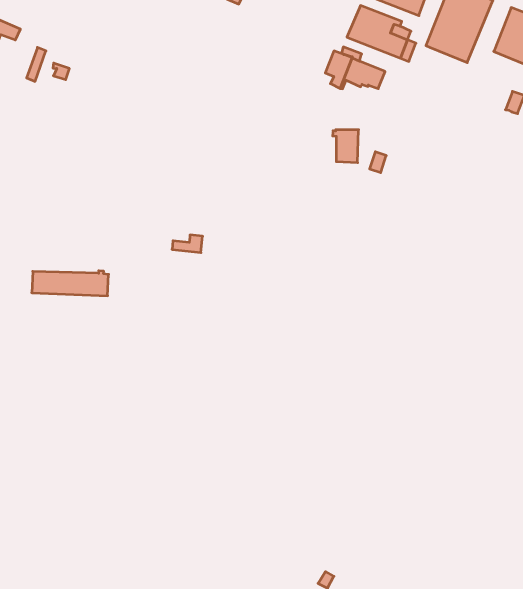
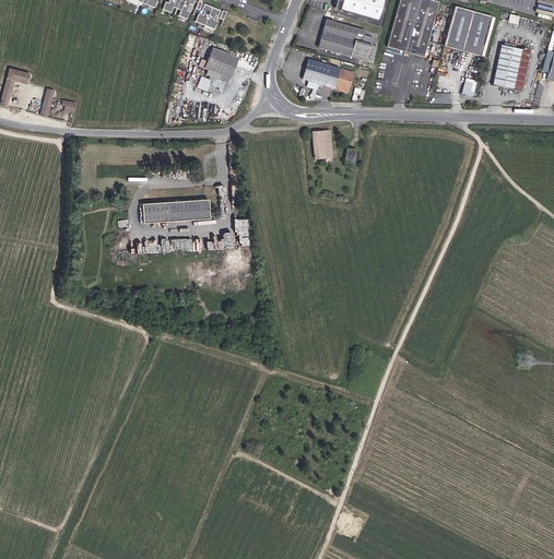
building: none -> [198,49,237,83]
building: [32,271,109,296] -> [146,194,213,219]

